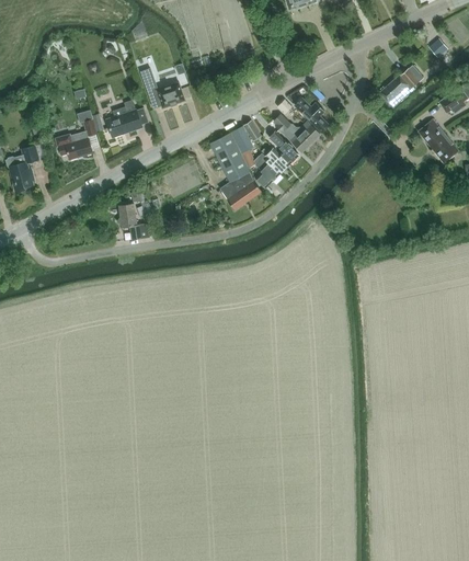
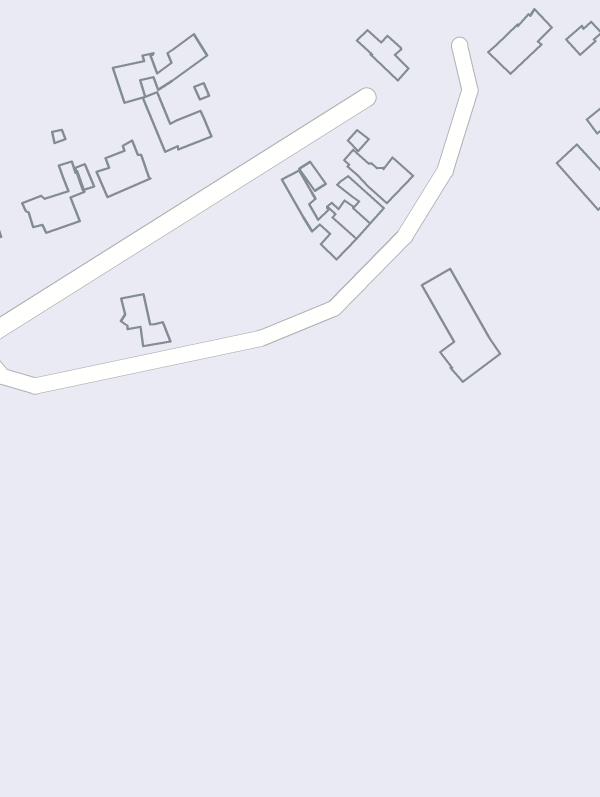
building: none -> [113,34,207,103]
building: [379,65,423,107] -> [488,9,552,74]
building: [295,98,329,133] -> [357,30,409,81]
building: [210,133,261,209] -> [422,269,500,382]

